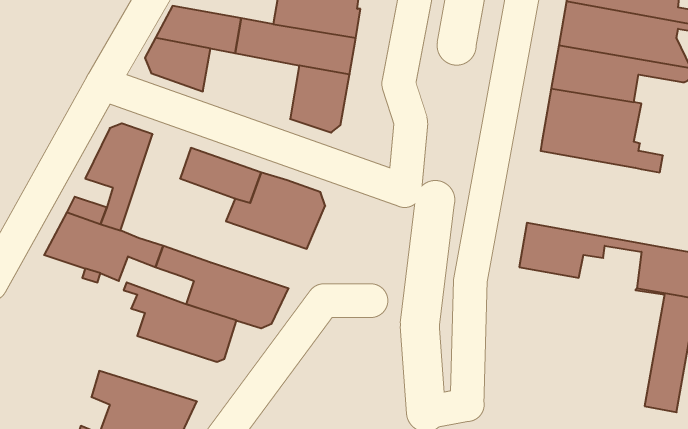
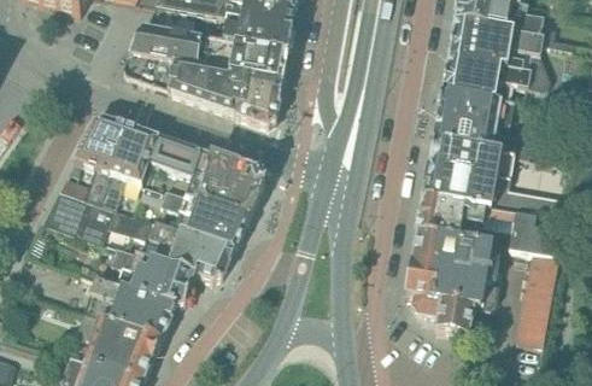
building: none -> [168,55,244,111]
building: none -> [102,123,158,205]
building: none -> [423,136,534,212]
building: none -> [145,181,250,245]
building: none -> [406,228,498,331]
building: none -> [86,275,178,334]

